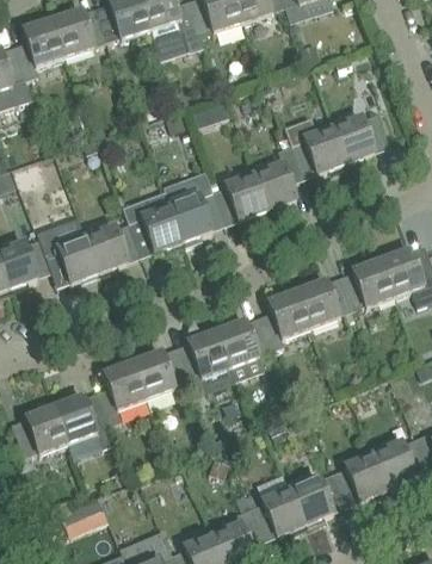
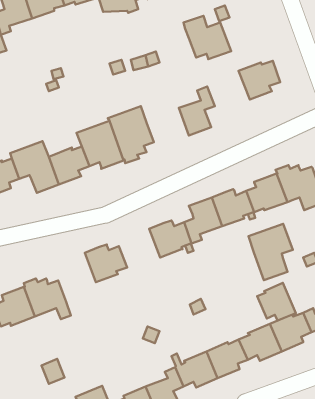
building: [284,117,346,173] -> [183,16,231,59]
building: [212,173,267,219] -> none
building: none -> [249,224,293,280]
building: [177,329,235,390] -> none
building: [98,360,147,423] -> none
building: none -> [257,283,296,321]

